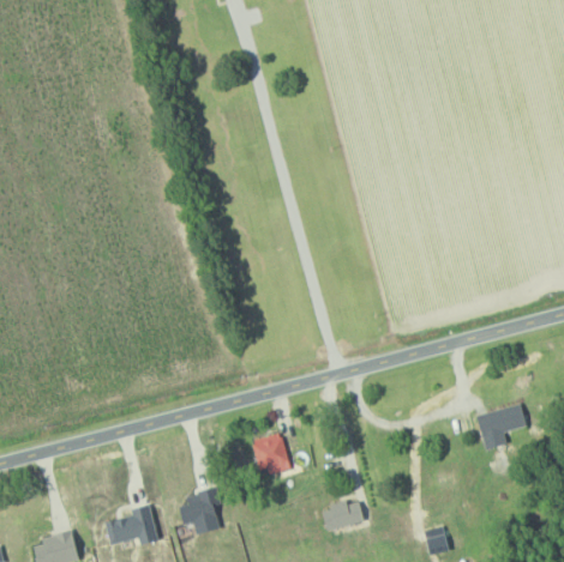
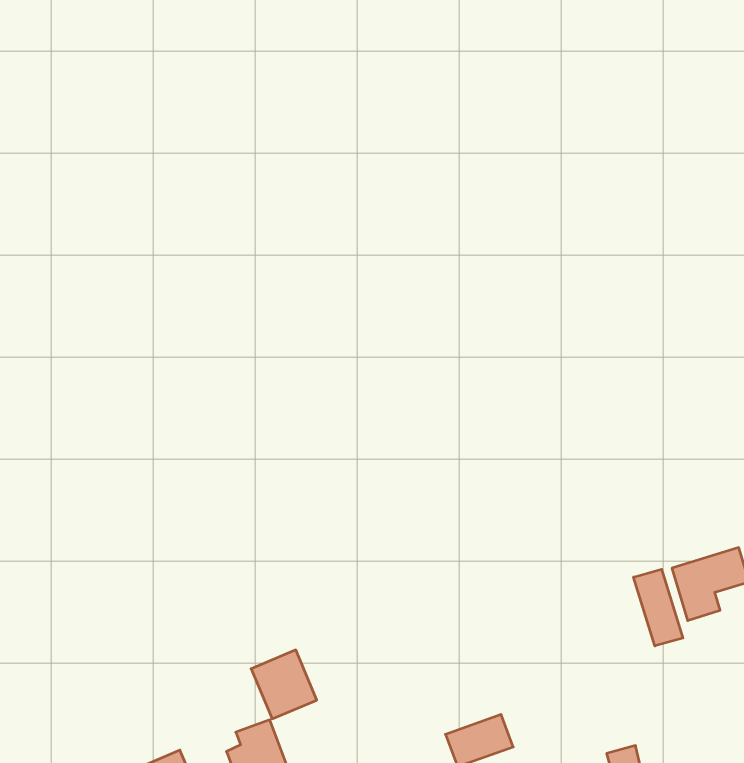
building: none -> [634,569,683,646]
building: [251,431,292,475] -> [251,650,317,719]

